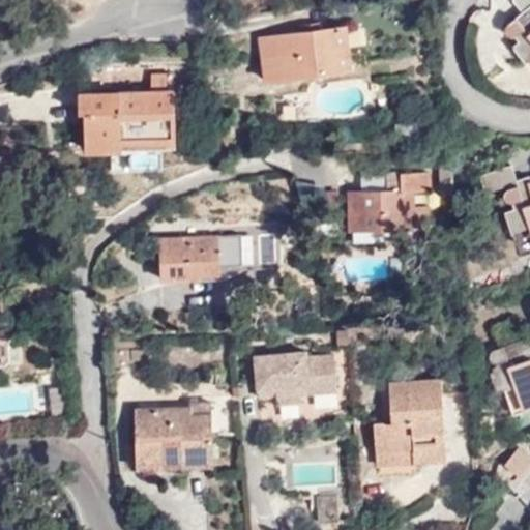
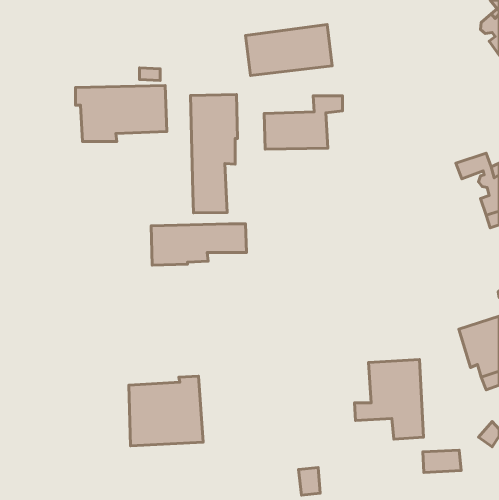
building: none -> [191,94,237,213]
building: [348,173,431,229] -> [264,96,343,149]
building: [253,351,336,404] -> none
building: [375,443,415,467] -> [423,450,461,473]

